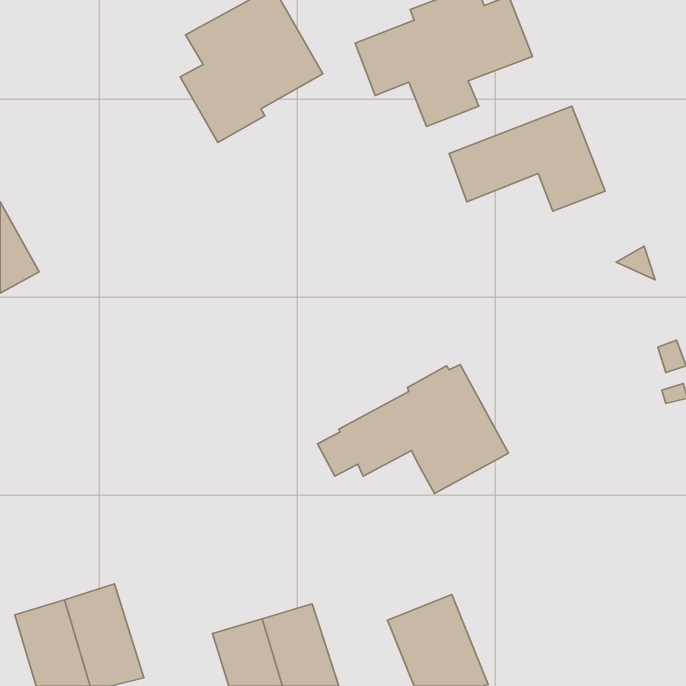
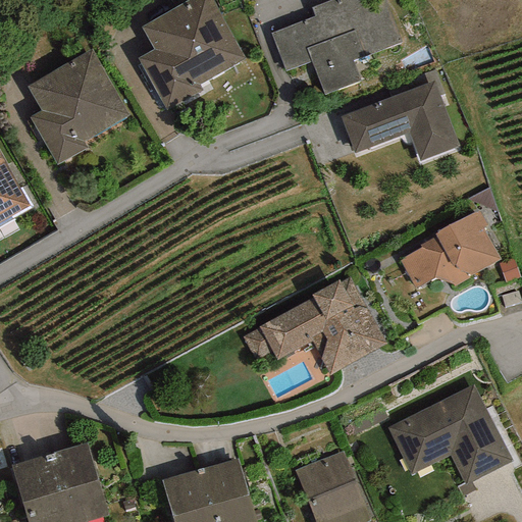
building: none -> [28,50,129,164]
building: none -> [400,211,501,289]
building: none -> [387,384,511,482]

